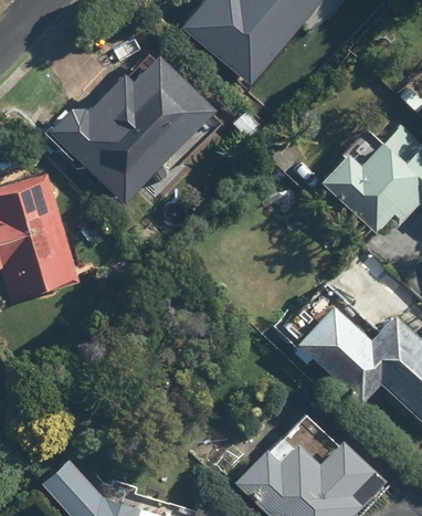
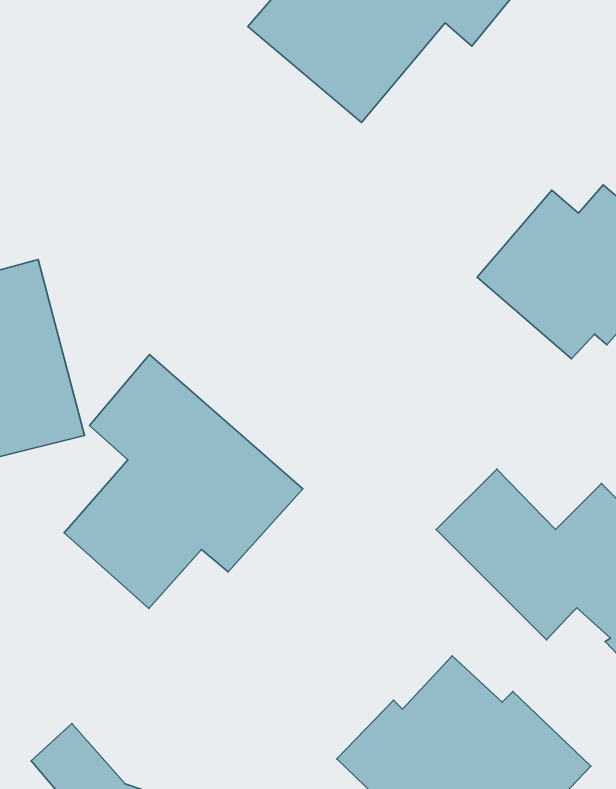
building: [66,43,215,206] -> none
building: none -> [64,355,303,608]

